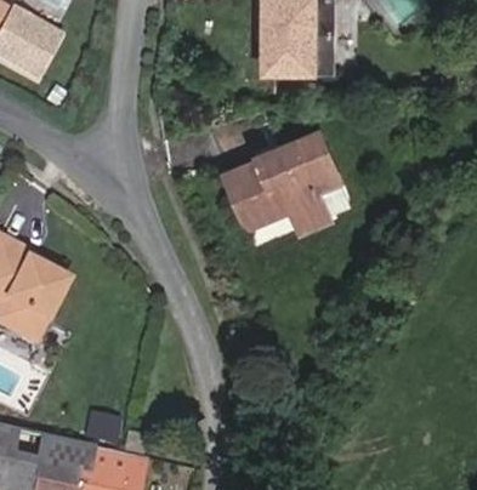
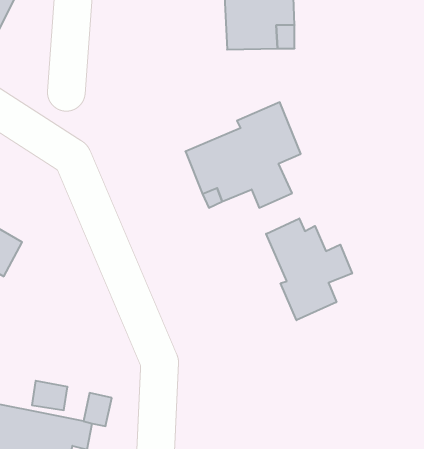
building: none -> [266,218,352,320]

